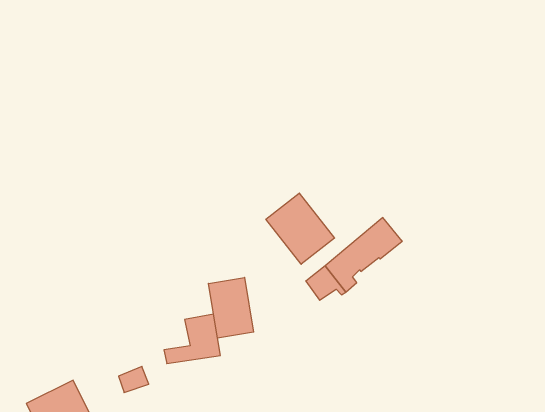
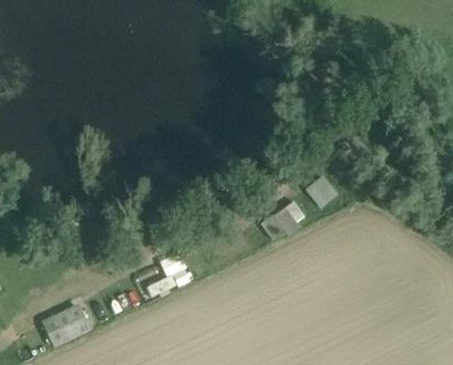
building: [266,193,335,264] -> none
building: [208,277,254,338] -> none

